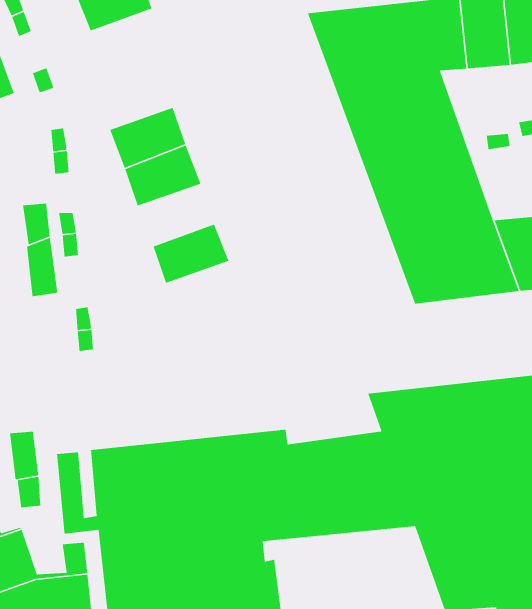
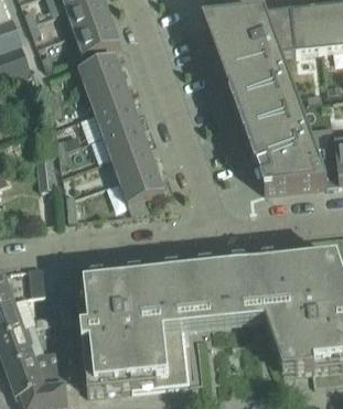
building: none -> [74,15,119,52]
building: none -> [77,50,122,86]
building: none -> [101,118,147,154]
building: none -> [118,163,163,209]

